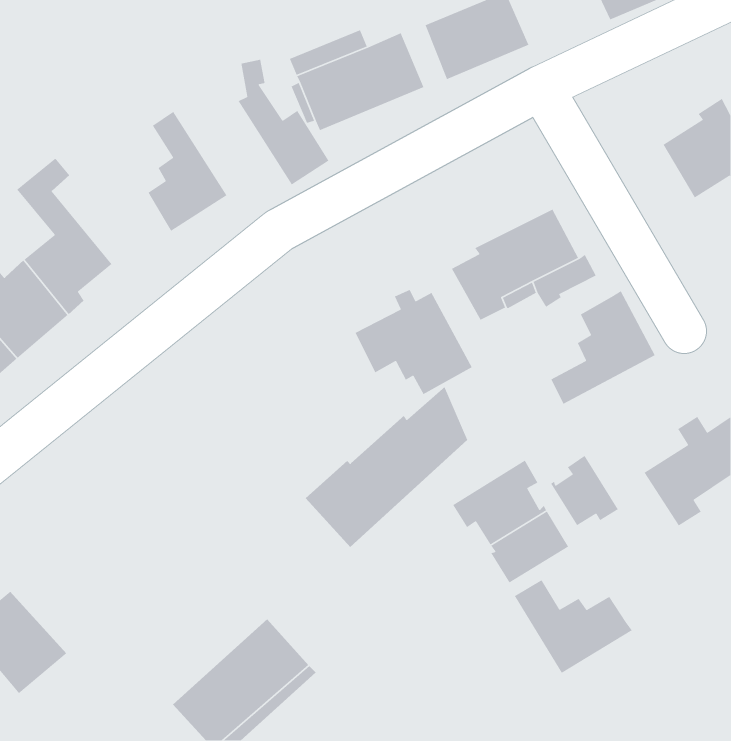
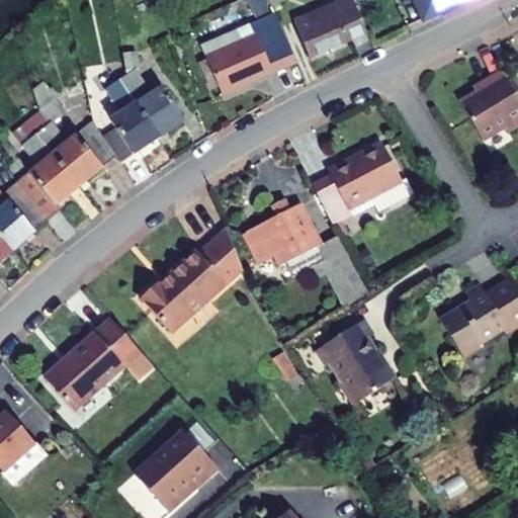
building: [238,59,330,186] -> [120,48,184,136]
building: none -> [32,78,114,183]
building: [550,290,656,405] -> none
building: [305,386,468,548] -> [128,227,242,339]
building: [550,455,619,526] -> none
building: none -> [45,317,151,408]
building: [514,579,633,674] -> none

